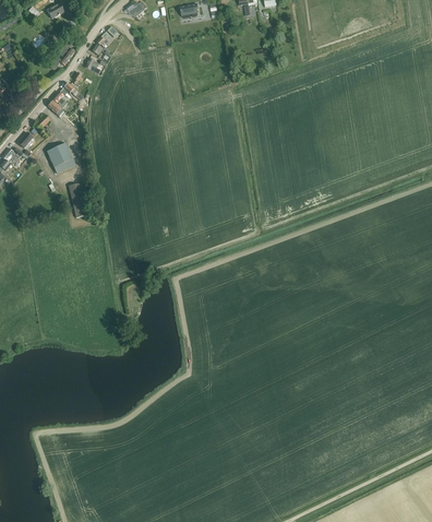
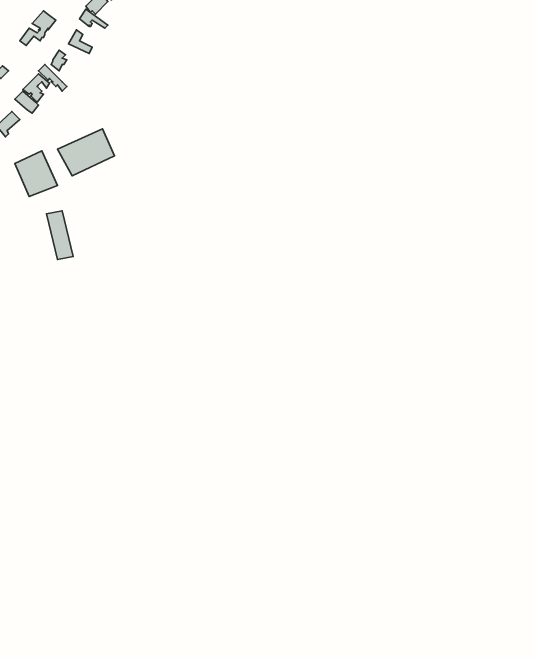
building: none -> [58,129,114,176]

